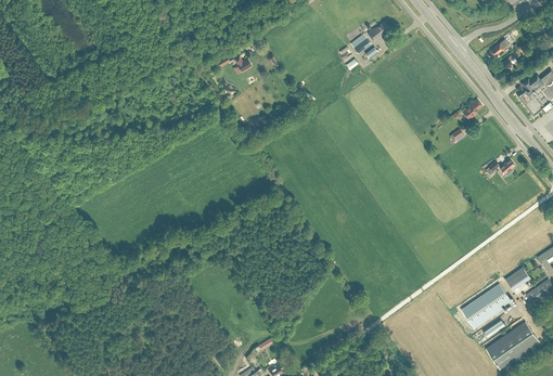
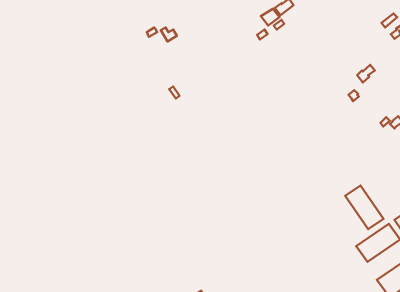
building: none -> [345,185,383,229]

